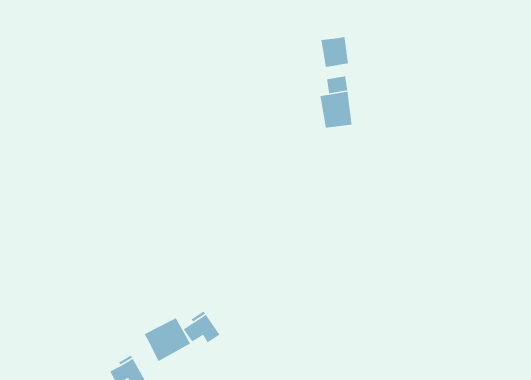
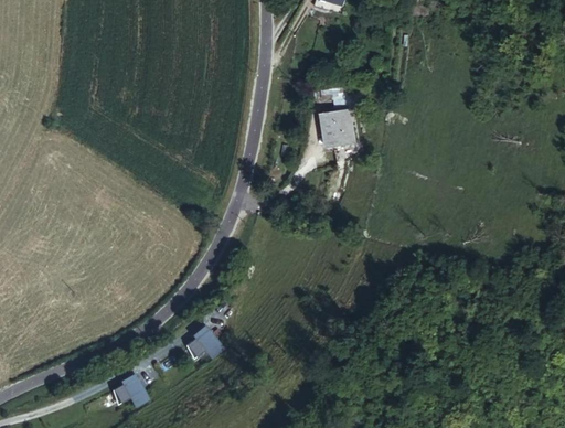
building: [321,36,349,68] -> none
building: [143,317,191,362] -> none

